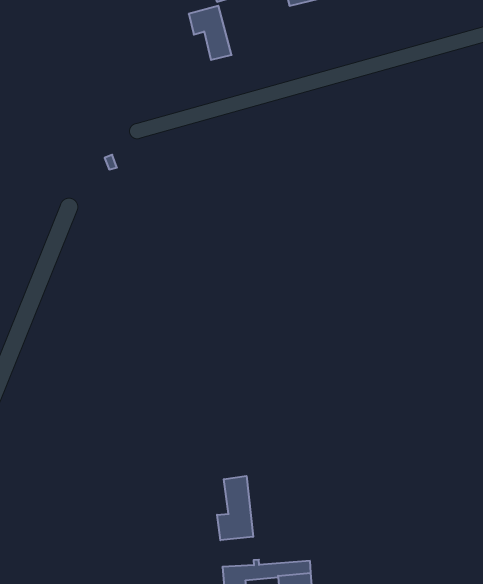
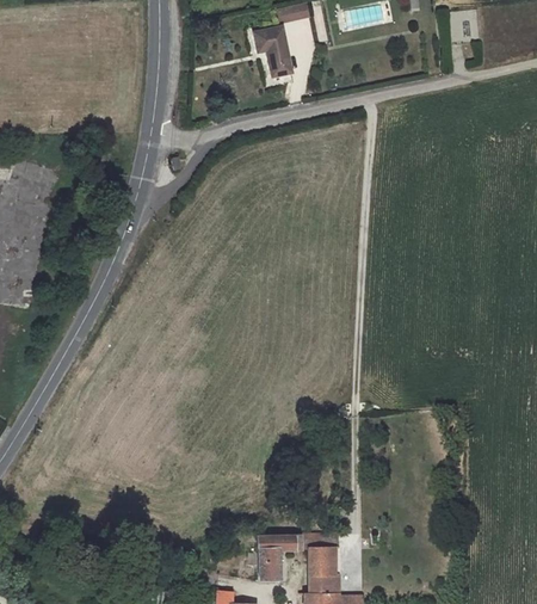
building: [217,476,253,540] -> none

